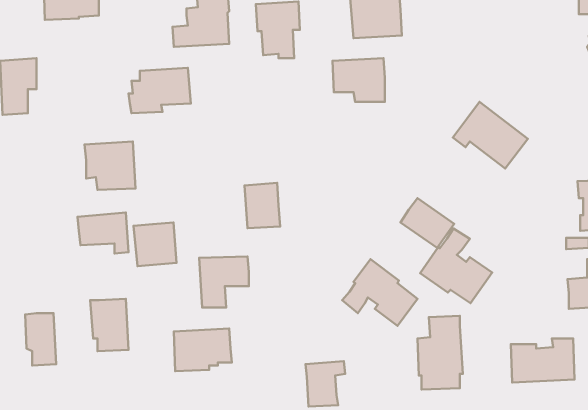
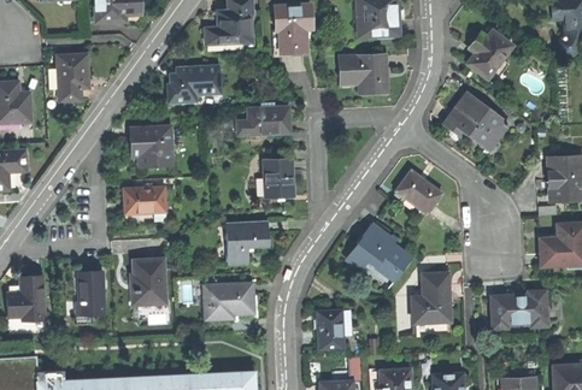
building: none -> [465,29,508,79]
building: none -> [237,104,290,135]
building: [133,222,176,266] -> none
building: [420,229,492,303] -> none

